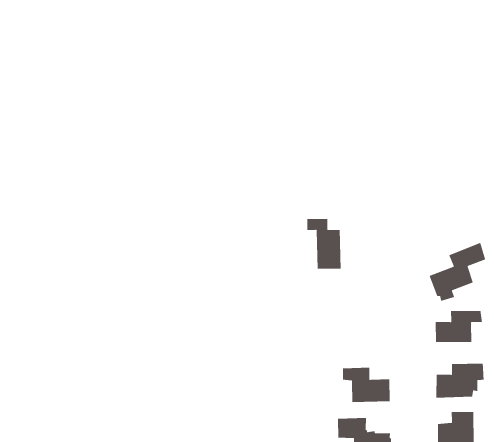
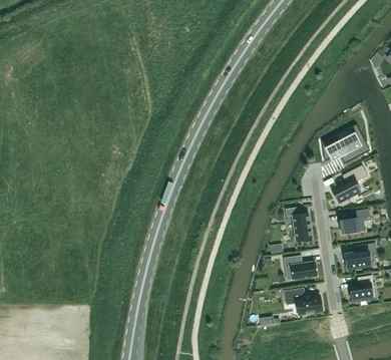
building: none -> [321,132,362,164]
building: [306,218,341,269] -> [285,208,312,242]

